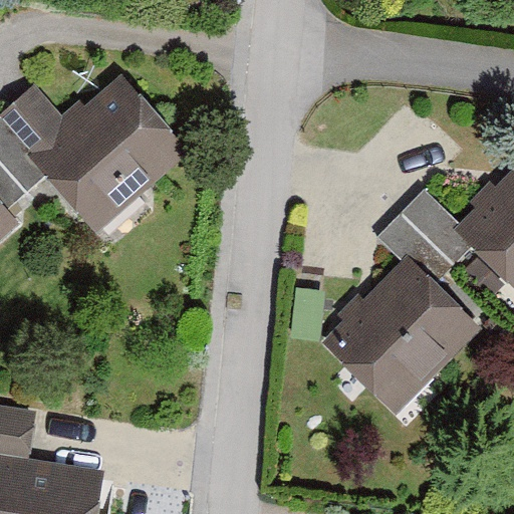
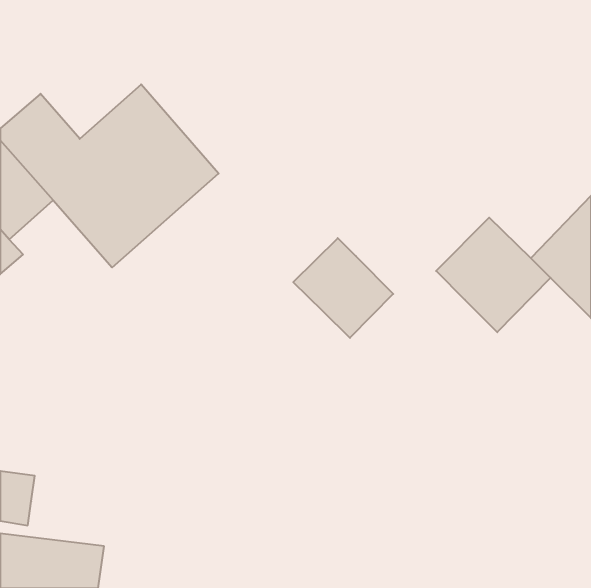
building: none -> [293,238,393,338]
building: [321,260,476,414] -> none

